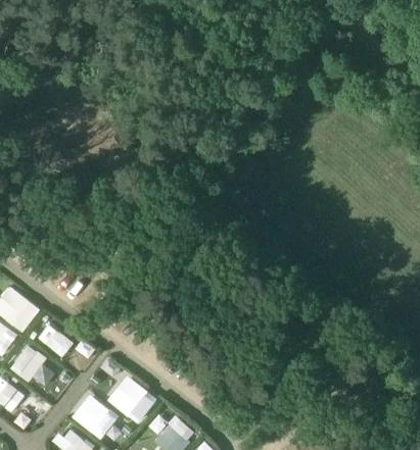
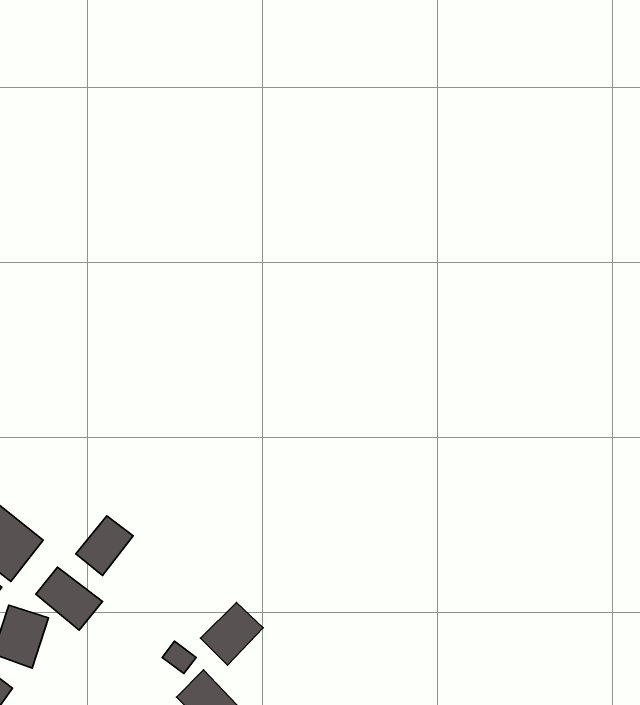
building: none -> [76,516,133,575]
building: none -> [201,602,263,665]

